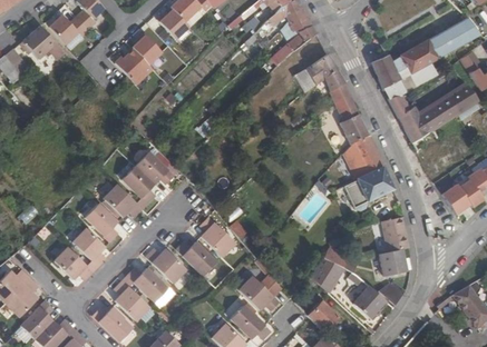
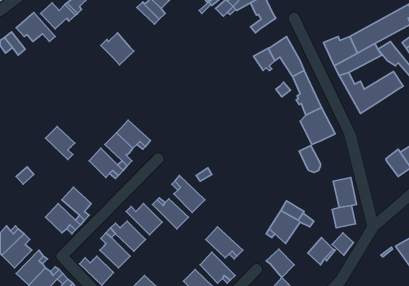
building: [133,34,163,67] -> none
building: [357,166,395,200] -> none
building: [84,202,117,240] -> [46,127,75,160]

